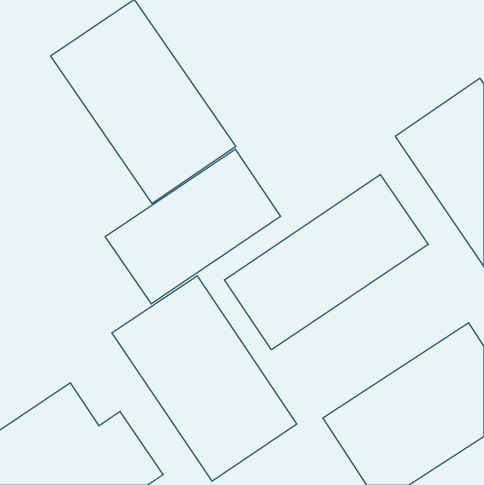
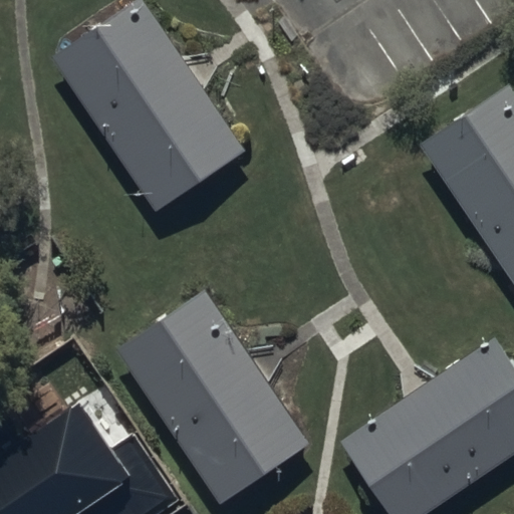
building: [105,149,281,304] -> none
building: [224,174,428,350] -> none

